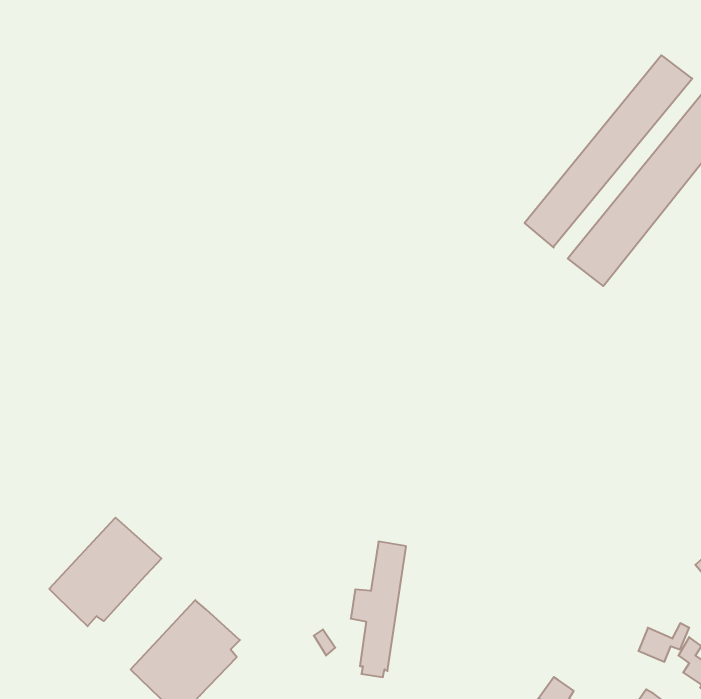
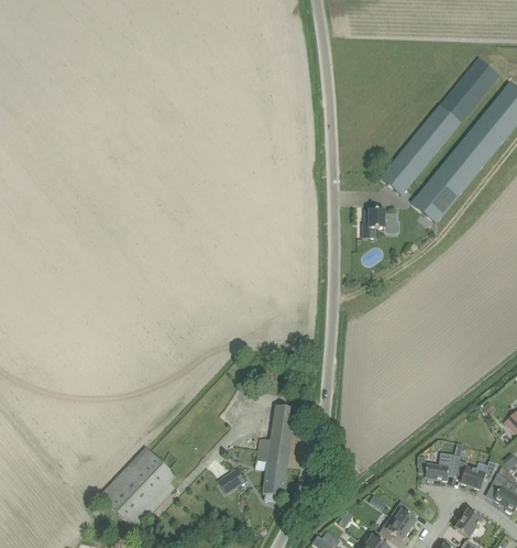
building: none -> [363,208,396,237]
building: [49,518,161,626] -> none
building: none -> [426,451,461,480]

